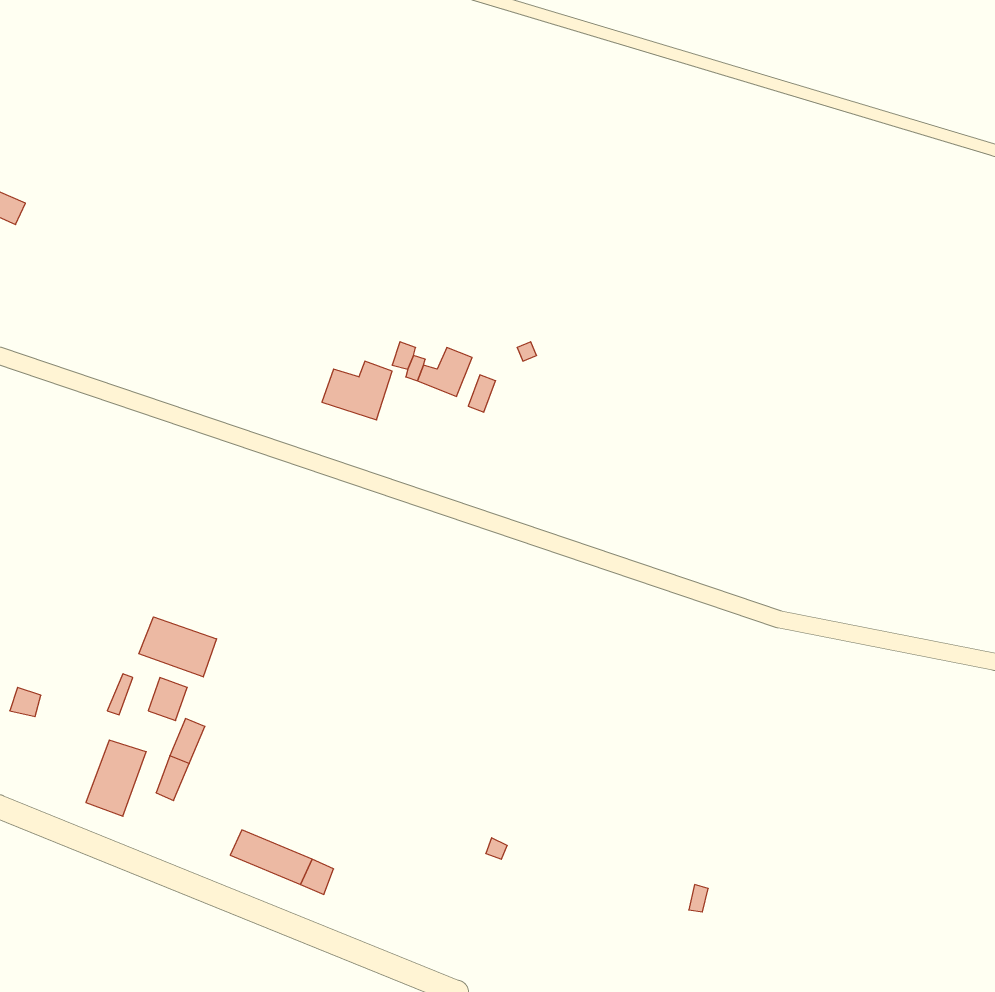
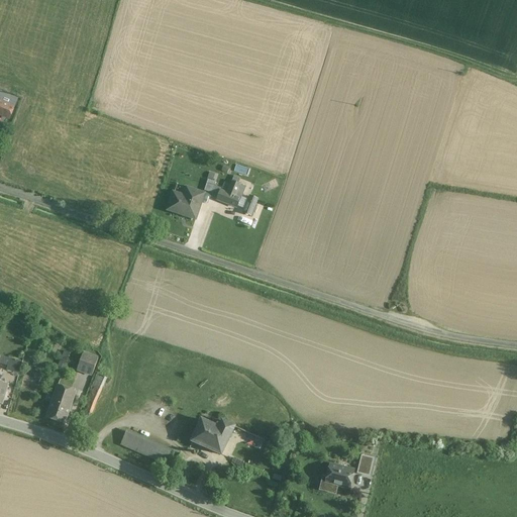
building: [139,617,217,677] -> none
building: none -> [191,417,233,452]
building: none -> [324,462,353,487]

